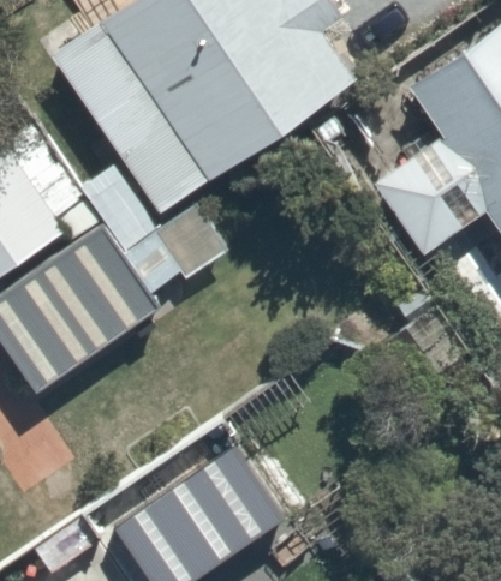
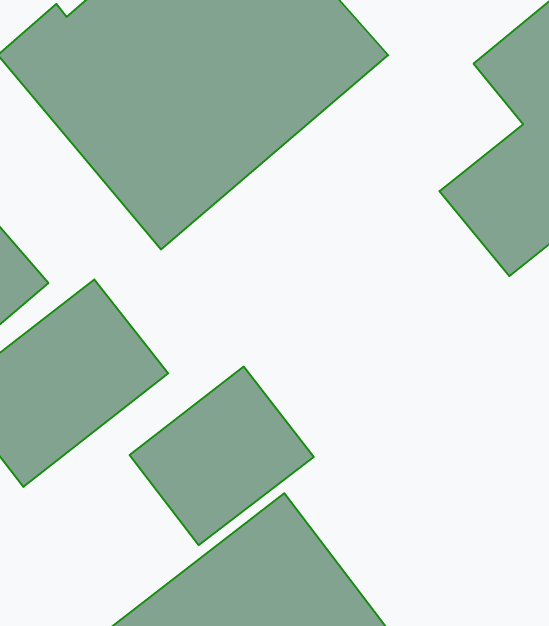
building: none -> [130,367,314,545]

